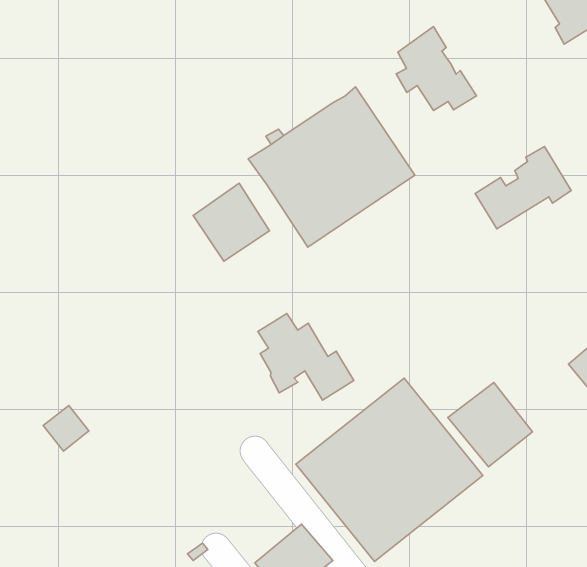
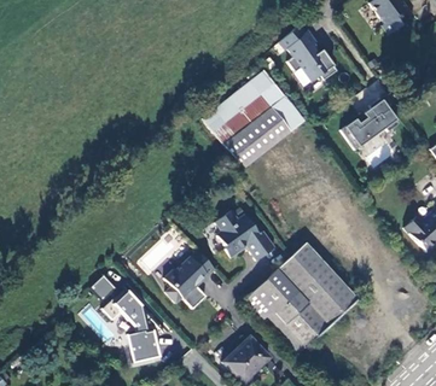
building: [193,183,270,261] -> none
building: none -> [165,251,216,309]
building: [448,383,532,467] -> none
building: none -> [103,288,162,364]

